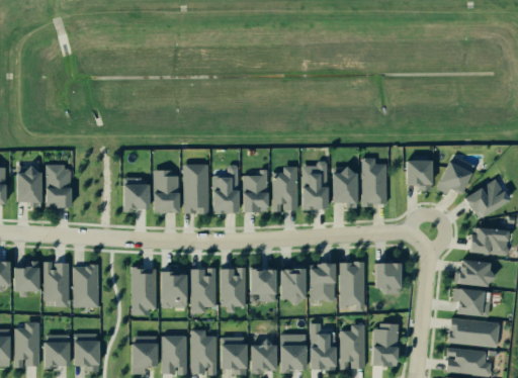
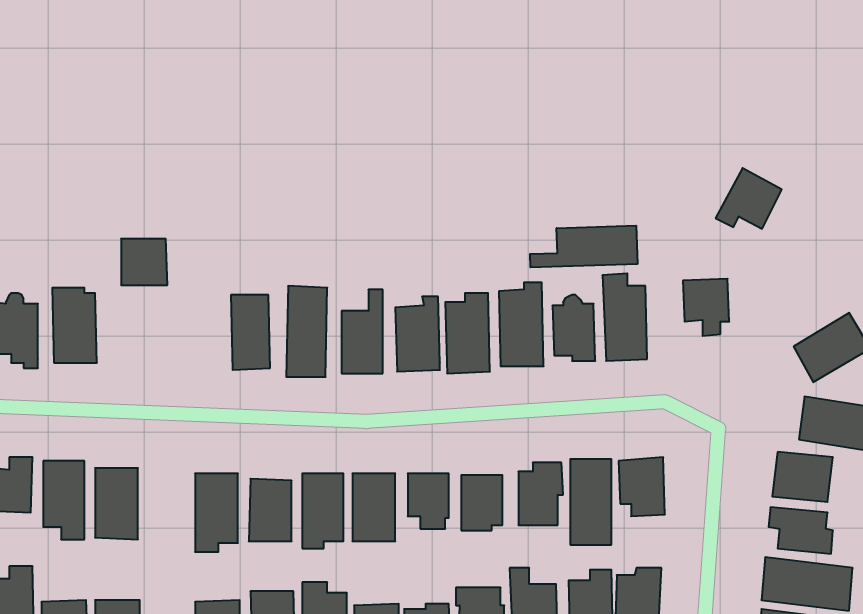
building: none -> [530,226,637,267]
building: [436,159,473,193] -> [716,168,782,229]
building: [118,182,145,208] -> [121,239,167,285]

